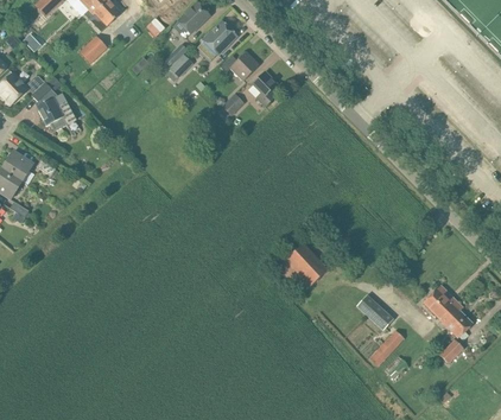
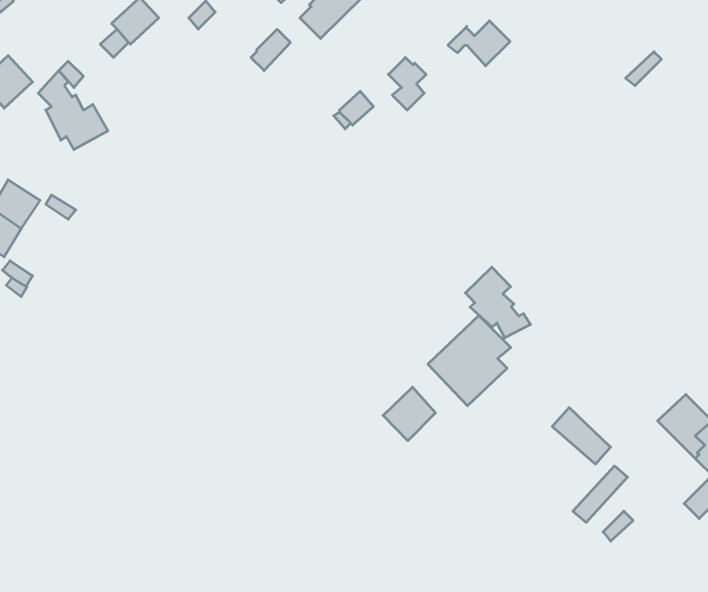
building: [220,51,259,79] -> [448,21,510,66]
building: none -> [465,267,531,338]
building: none -> [383,387,435,441]

